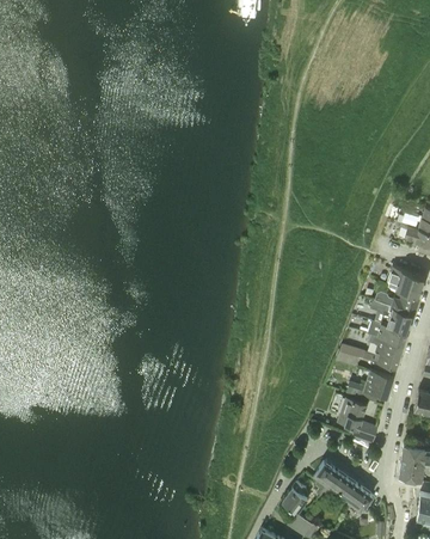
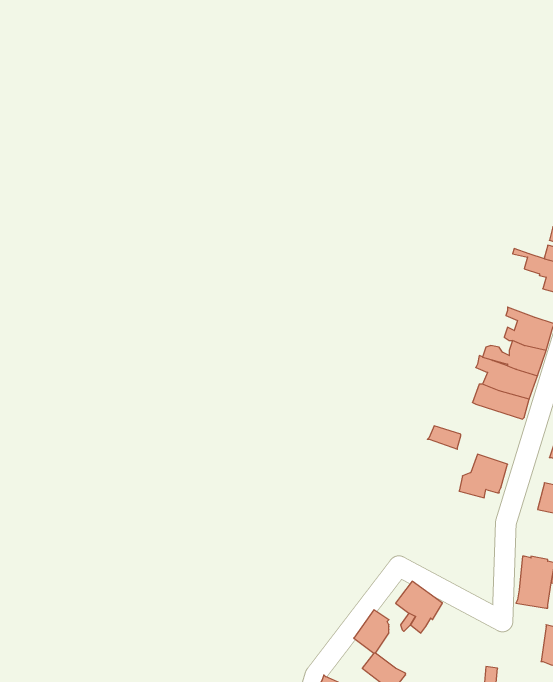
building: [364,335,404,368] -> none
building: [333,396,375,442] -> none
building: [334,477,373,513] -> none

